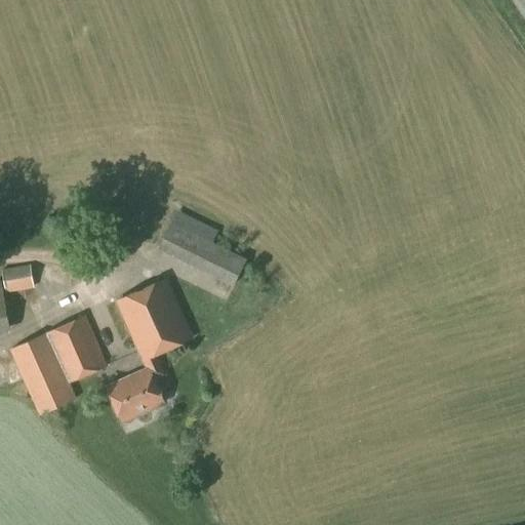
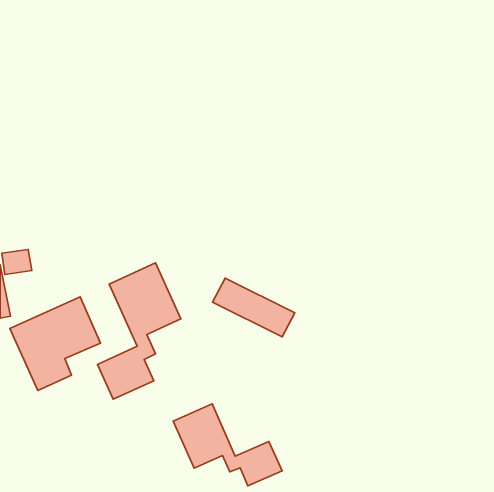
building: [159,221,246,284] -> [213,278,295,337]
building: none -> [173,404,282,486]

